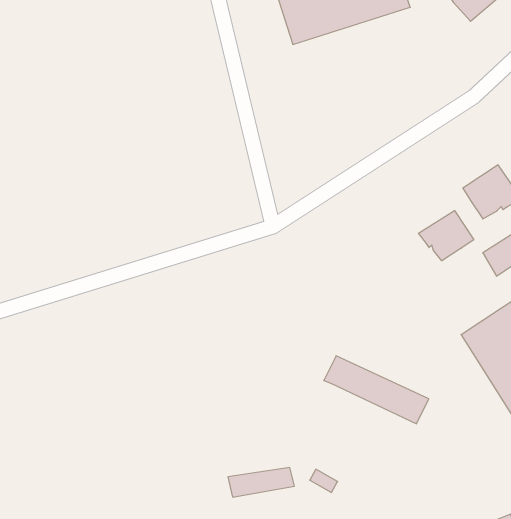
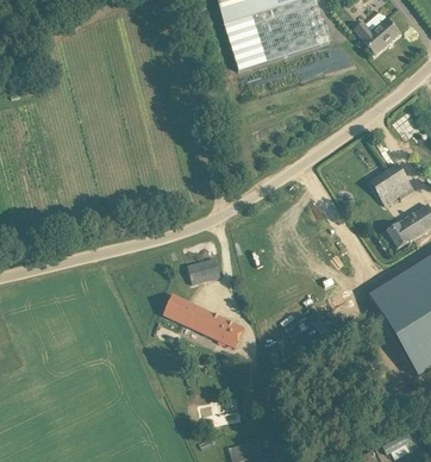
building: [418,211,474,261] -> none
building: none -> [188,257,220,283]
building: [324,356,429,424] -> [164,294,245,346]

